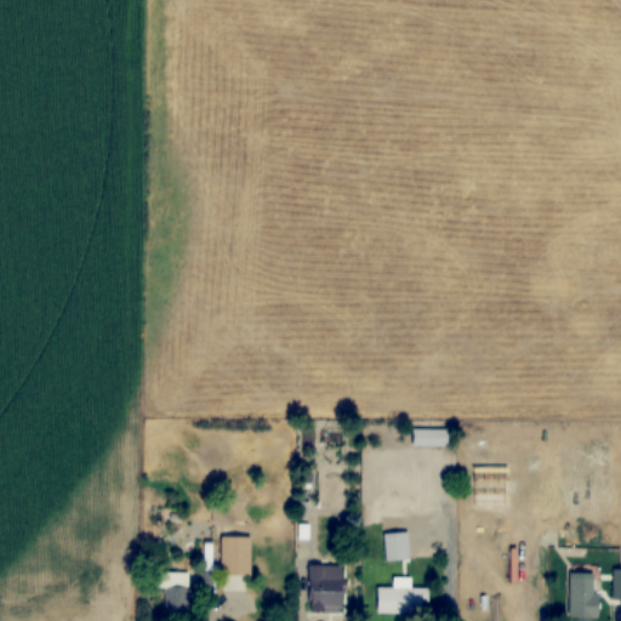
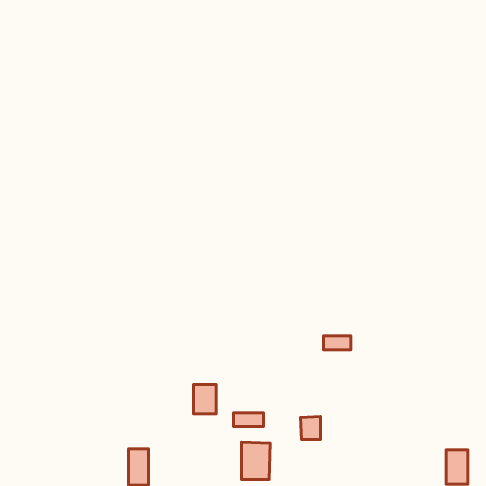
building: none -> [234,413,264,427]
building: [222,536,251,574] -> [193,384,216,414]
building: [377,587,428,614] -> none

